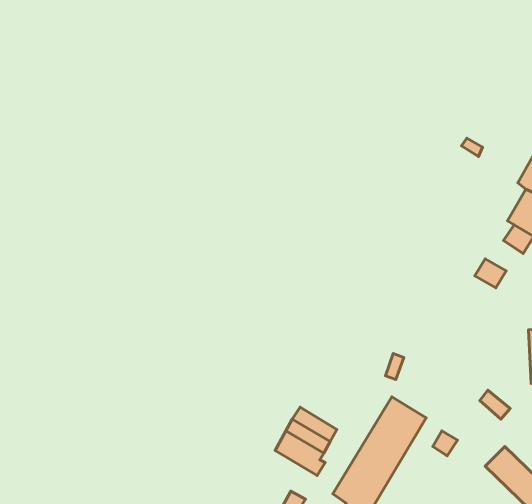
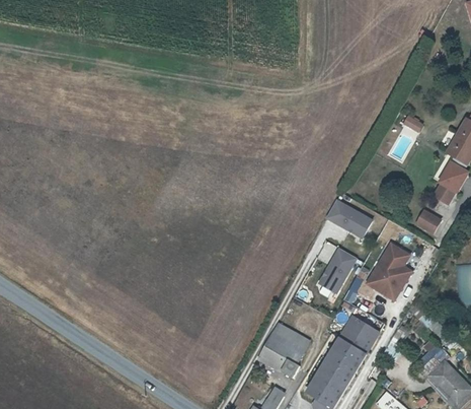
building: none -> [326,199,376,240]
building: none -> [367,243,414,301]
building: none -> [318,247,359,292]

